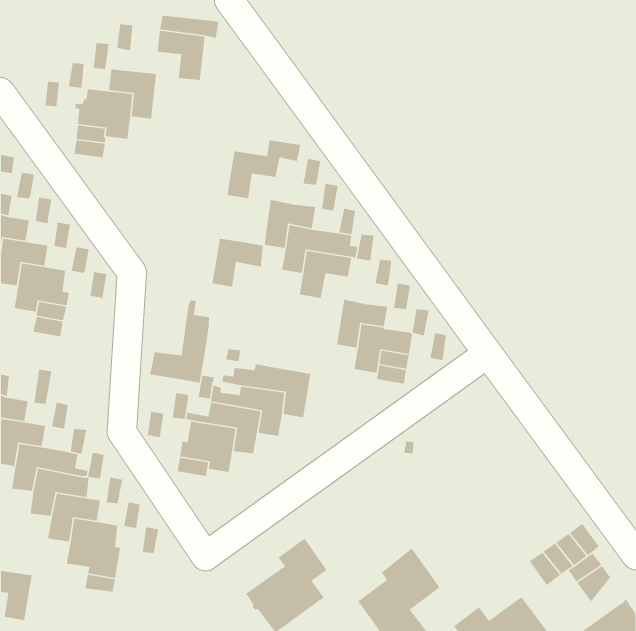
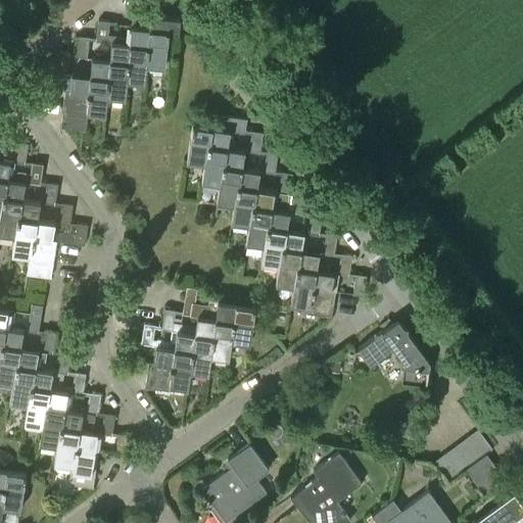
building: none -> [100,45,148,87]
building: [212,238,264,287] -> [201,147,244,188]
building: none -> [262,229,304,269]
building: [149,300,210,384] -> none
building: none -> [358,322,430,373]

